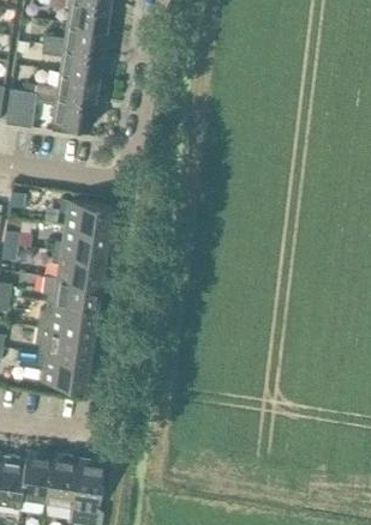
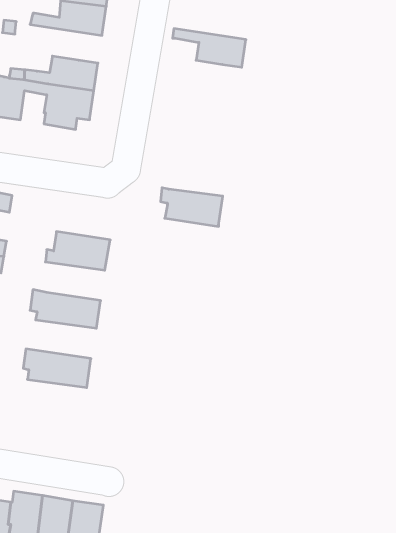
building: [38,46,102,79] -> [173,29,246,67]
building: [59,199,113,233] -> [161,188,223,226]
building: [50,252,104,285] -> none
building: [36,302,97,336] -> none
building: [35,354,89,388] -> none

